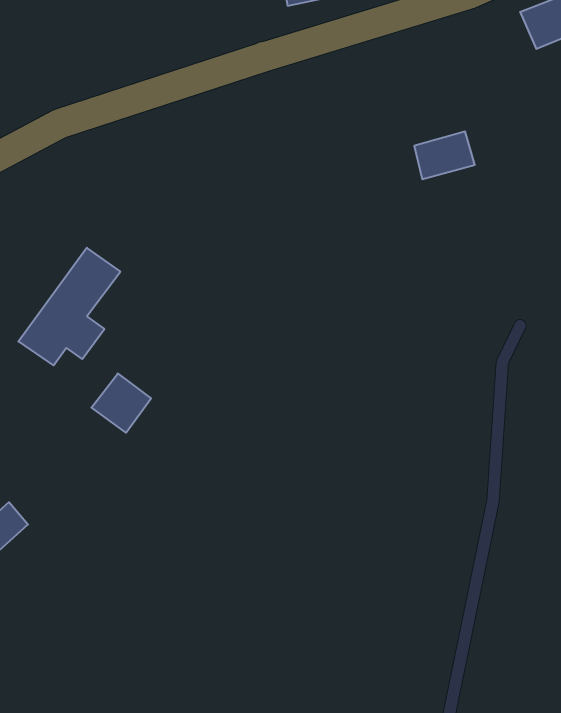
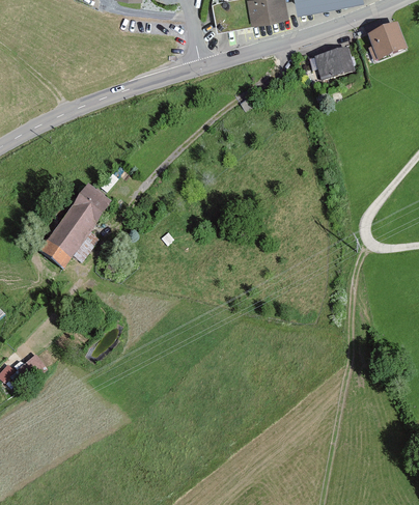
building: [414,132,475,179] -> [315,49,355,80]
building: [91,373,151,433] -> none

